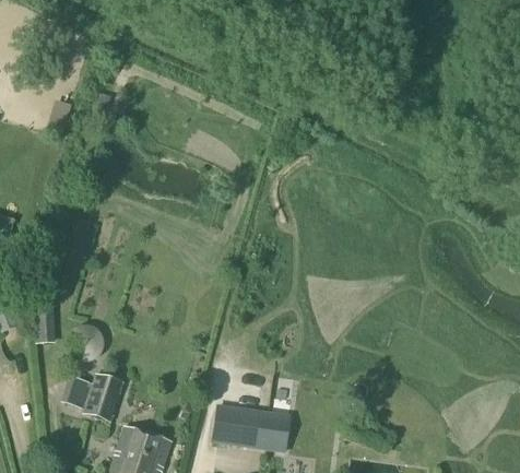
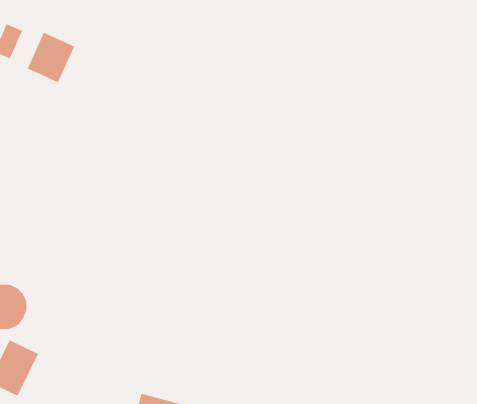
building: none -> [27,32,75,83]

